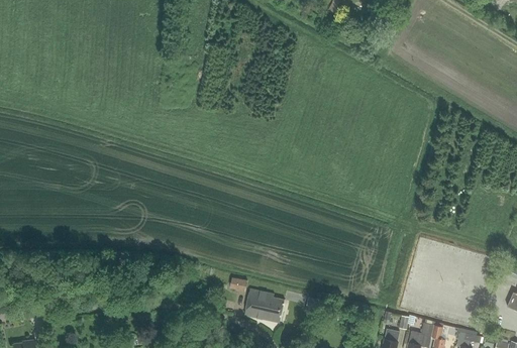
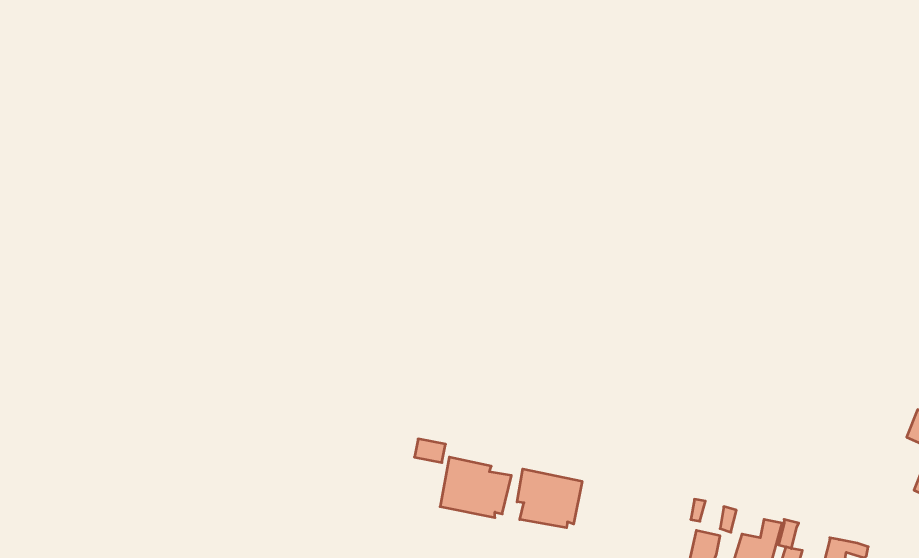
building: none -> [517,469,582,528]

